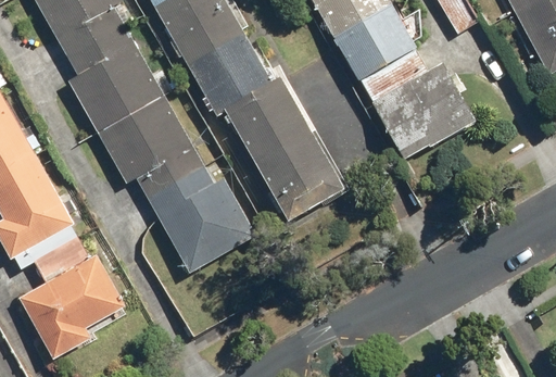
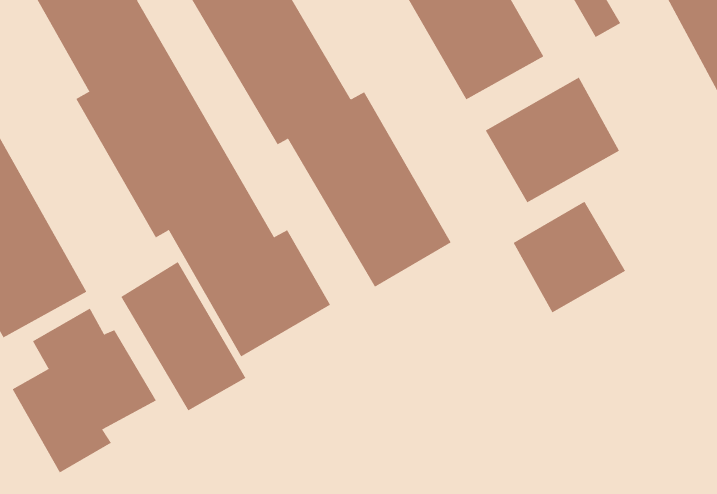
building: none -> [513,201,626,313]
building: none -> [121,261,246,411]

